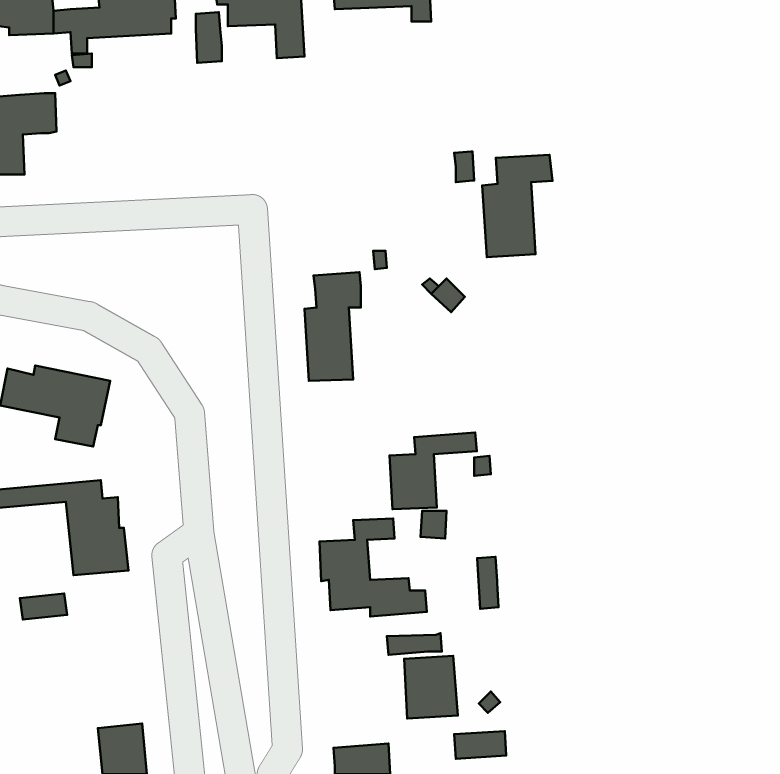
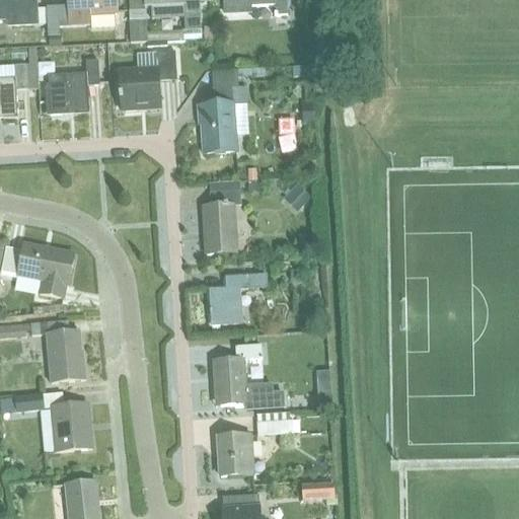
building: none -> [118,51,175,110]
building: none -> [47,58,97,114]
building: [482,155,552,257] -> [200,85,246,153]
building: [390,433,477,509] -> [209,273,267,323]
building: none -> [51,401,91,450]
building: [404,656,458,719] -> [217,434,252,475]

